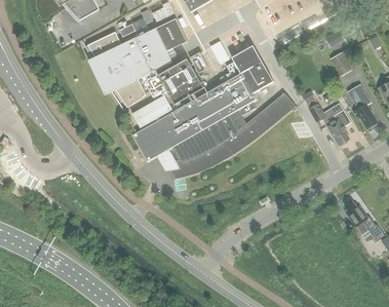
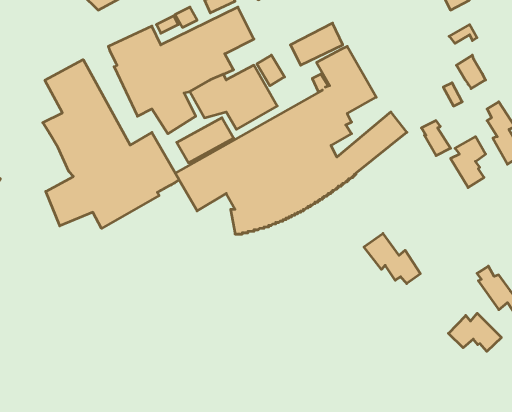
building: none -> [43,60,179,228]
building: none -> [364,233,420,284]
building: none -> [448,313,501,351]

